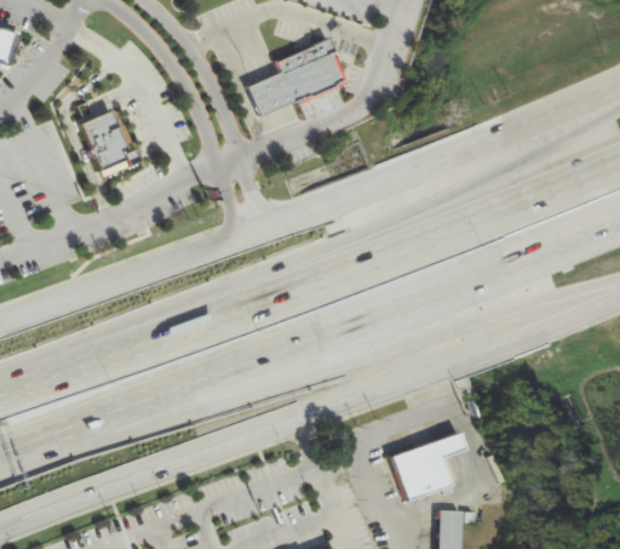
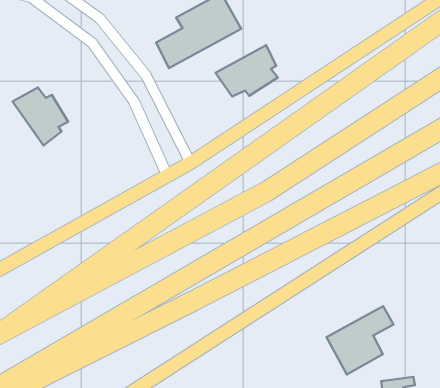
building: none -> [216,45,278,97]

